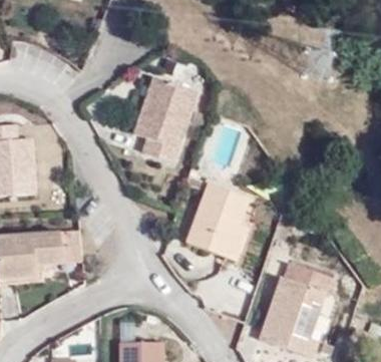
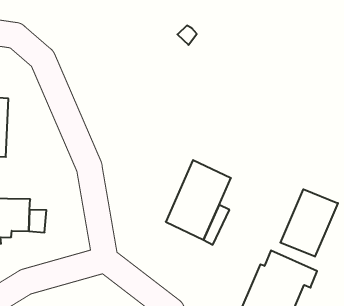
building: [135,77,196,161] -> none
building: none -> [280,189,338,257]

